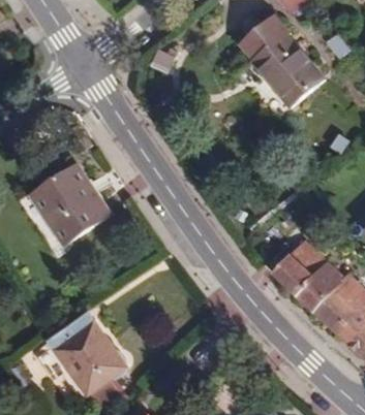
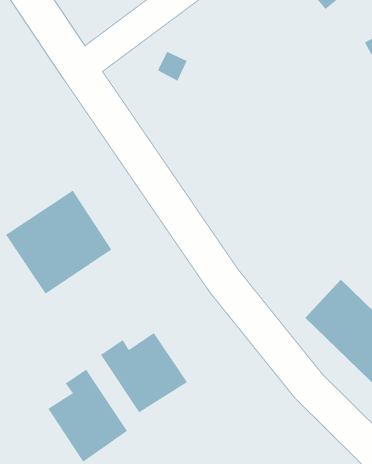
building: [241,14,326,106] -> none
building: none -> [100,332,188,413]

